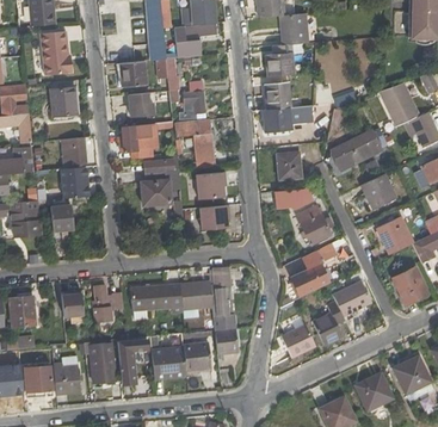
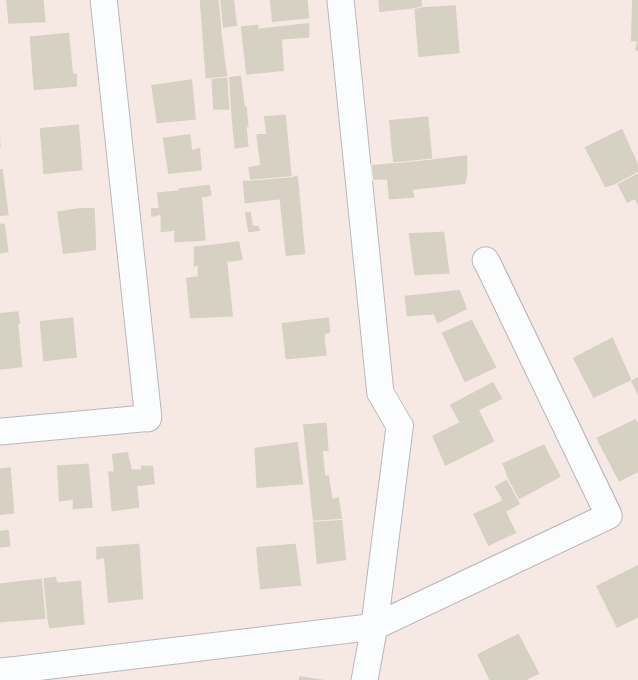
building: [265,52,295,76] -> none
building: [329,129,381,172] -> none
building: [62,166,90,197] -> none
building: [193,171,224,200] -> none
building: [360,173,397,210] -> none
building: [131,284,183,310] -> none
building: [282,324,315,357] -> none
building: [118,339,146,384] -> none
building: [152,347,185,377] -> none
building: [353,373,394,414] -> none

